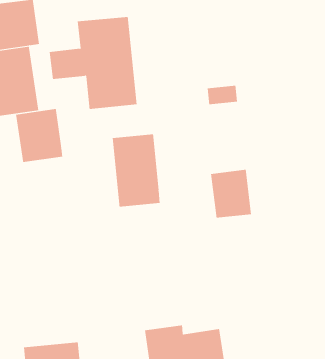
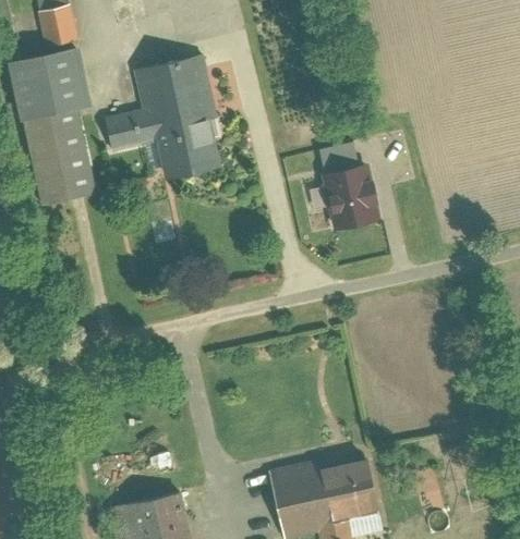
building: [15,108,63,163] -> none
building: [112,133,160,207] -> none
building: [210,169,252,218] -> [319,162,379,231]

